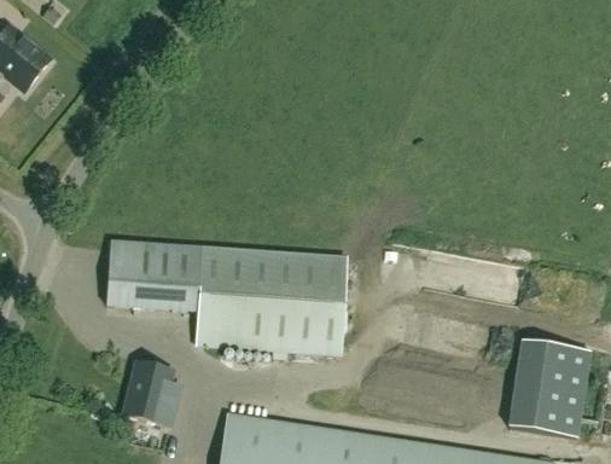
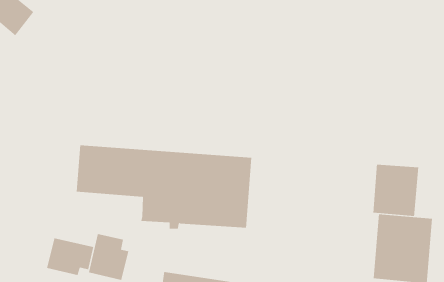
building: none -> [373,164,419,217]
building: none -> [47,237,94,276]

